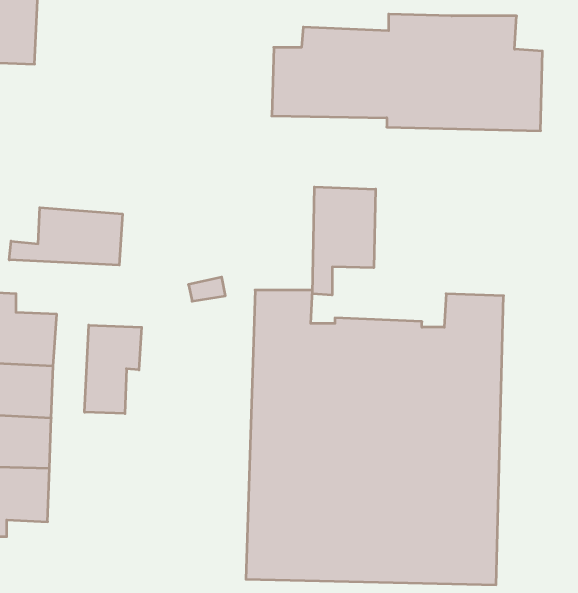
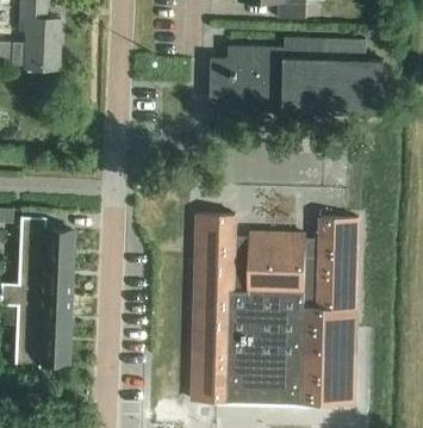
building: [313,187,376,295] -> none
building: [9,208,122,265] -> none
building: [85,325,142,414] -> none

